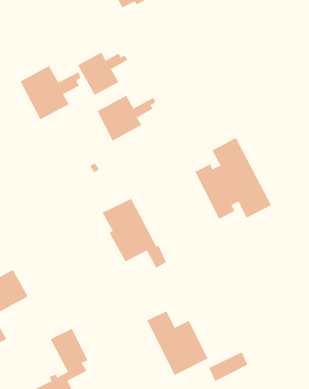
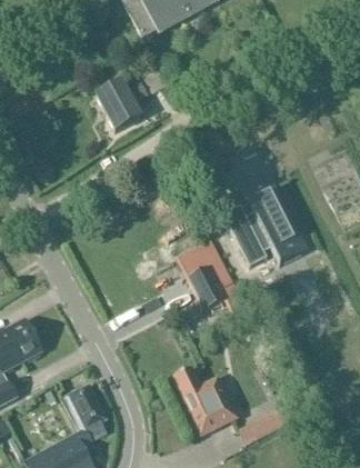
building: [20,65,82,120] -> none
building: [97,95,156,141] -> none
building: [102,198,167,268] -> [177,239,248,316]

